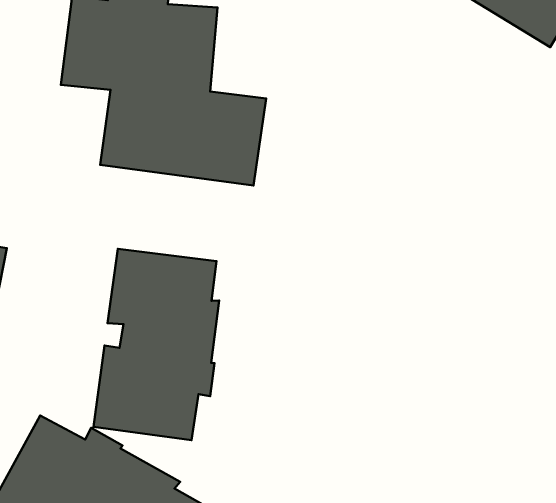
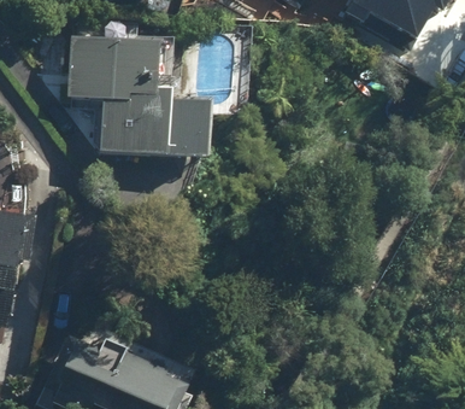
building: [93,249,219,440] -> none

